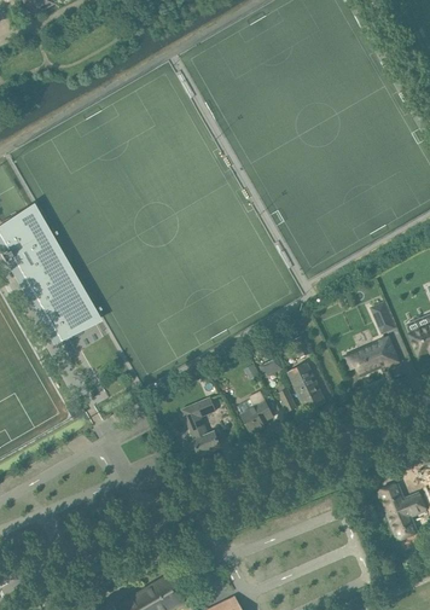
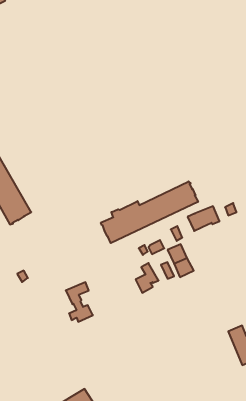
building: none -> [101,181,198,243]
building: [351,337,399,373] -> [188,206,220,231]
building: [182,396,222,454] -> [66,282,93,322]

